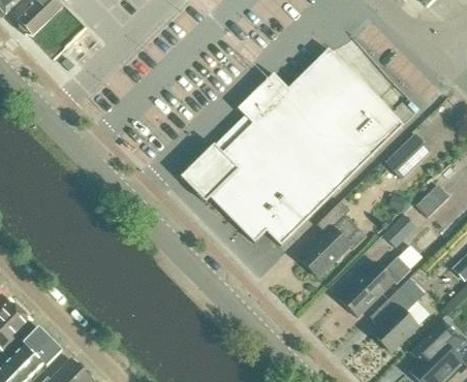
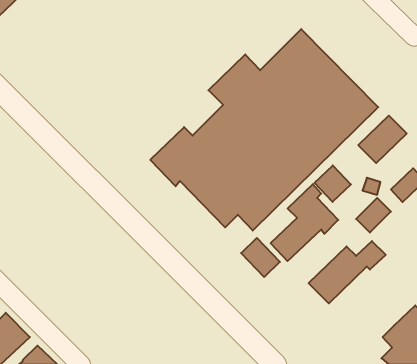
building: none -> [315,165,351,202]
building: none -> [241,238,280,277]
building: [370,284,415,351] -> none

